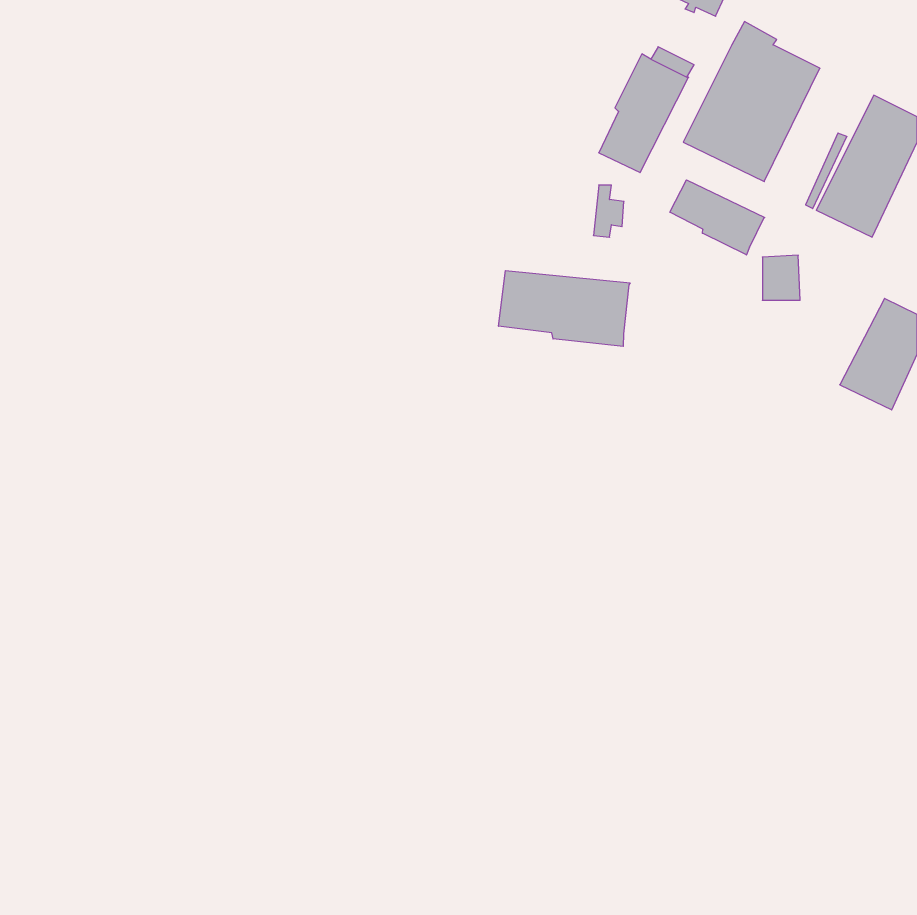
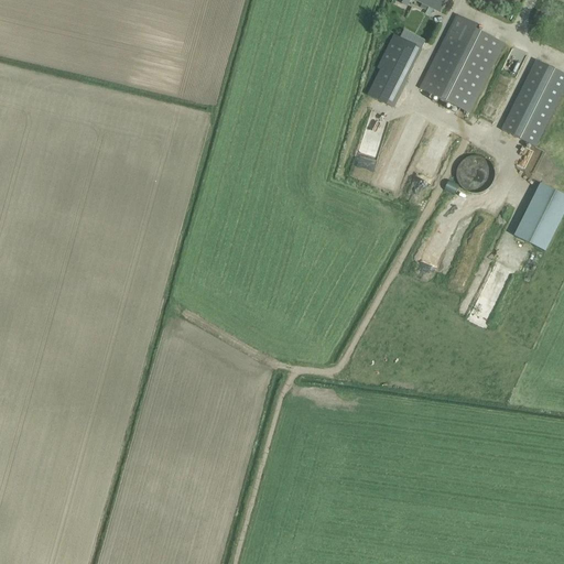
building: [670,180,765,255] -> none
building: [499,271,630,346] -> none

